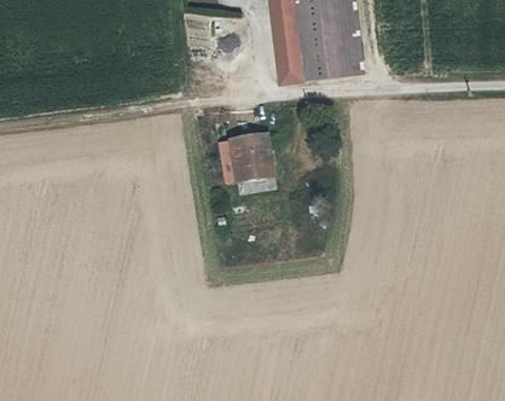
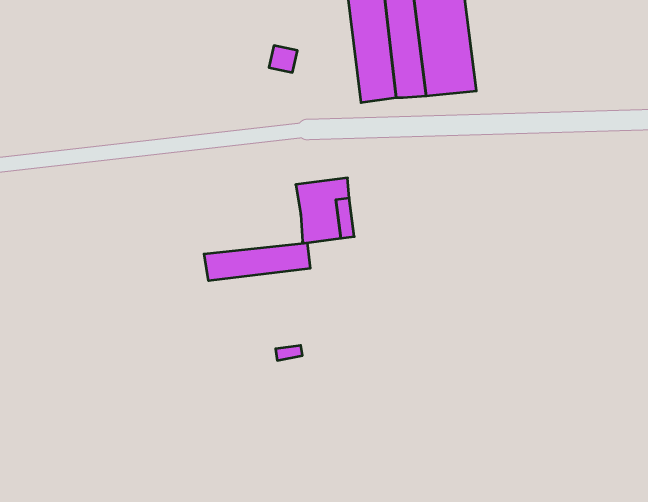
building: none -> [204,243,310,281]

